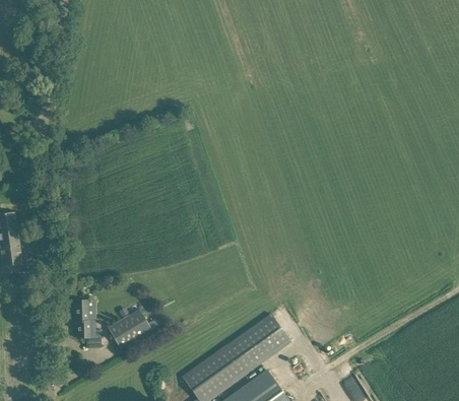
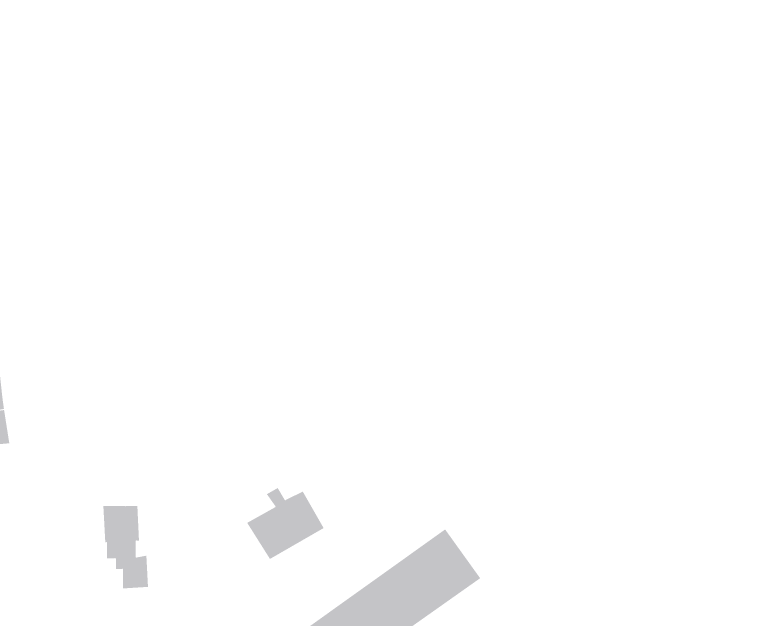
building: [108,307,152,348] -> [246,487,324,560]

